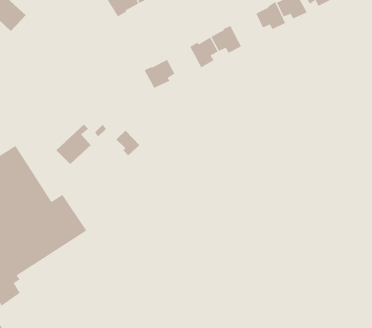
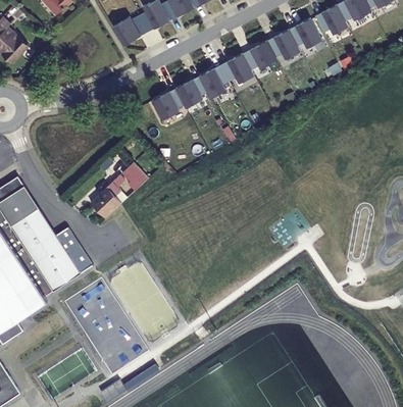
building: none -> [242,40,276,69]
building: none -> [174,77,207,107]
building: [55,124,92,165] -> [90,174,128,217]

